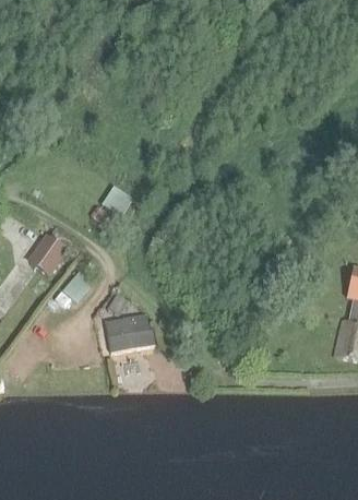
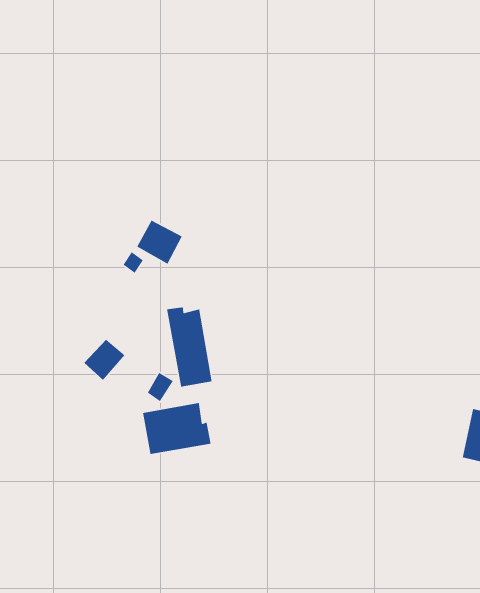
building: [25,235,67,277] -> none
building: none -> [166,306,213,387]

